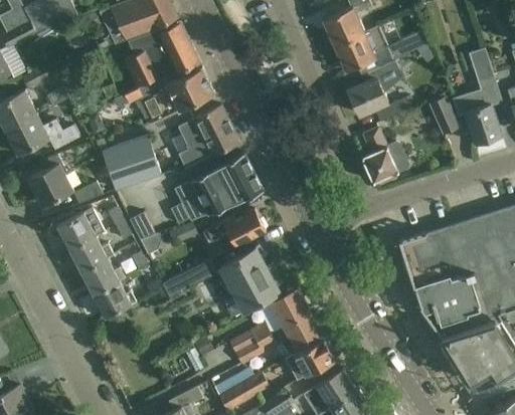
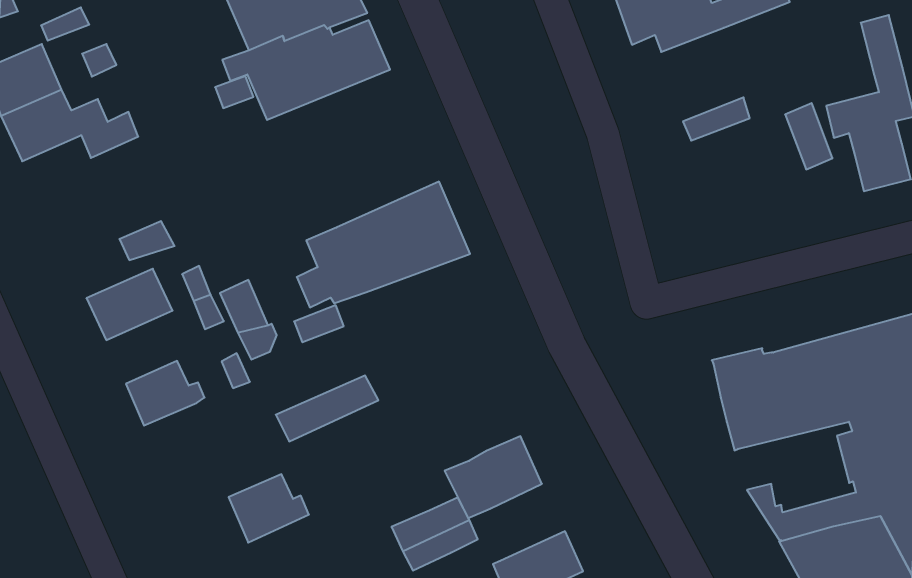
building: [348,60,401,116] -> none
building: [170,106,239,169] -> none
building: [361,128,407,183] -> none
building: [103,138,161,191] -> none
building: [29,155,72,206] -> none
building: [206,210,266,247] -> none
building: [68,235,113,272] -> none
building: [222,248,284,314] -> none
building: [413,270,481,322] -> none
building: [92,280,136,319] -> [229,474,309,543]
building: [283,314,324,357] -> none

